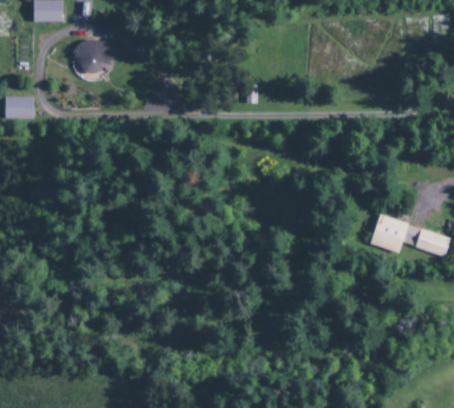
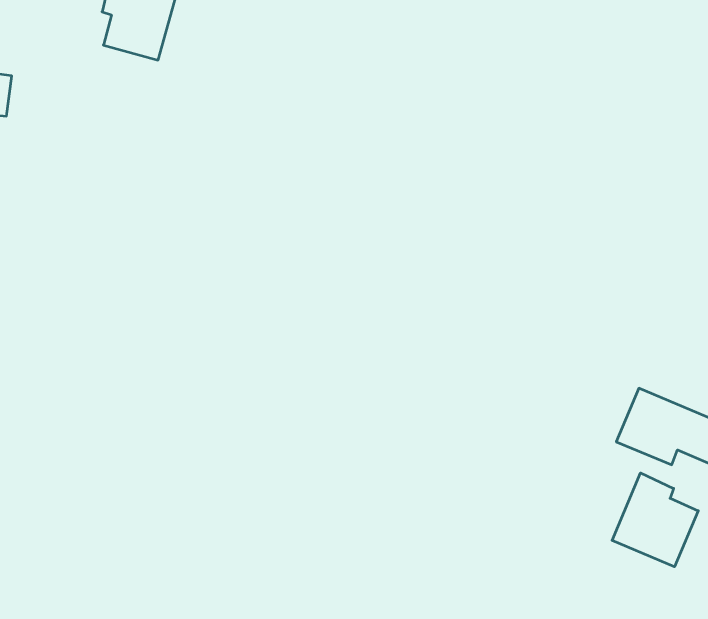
building: none -> [612,473,698,567]

